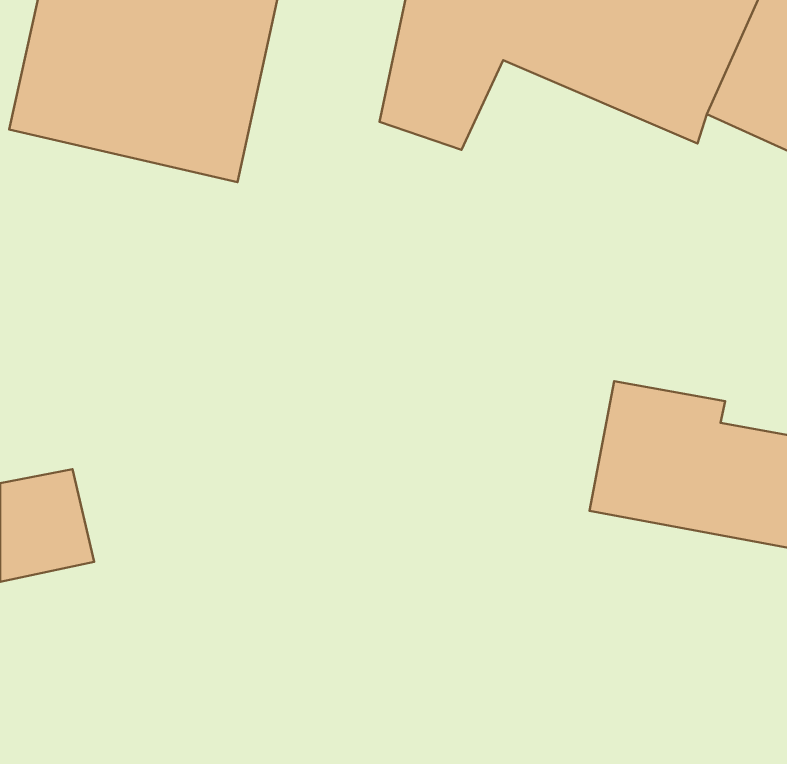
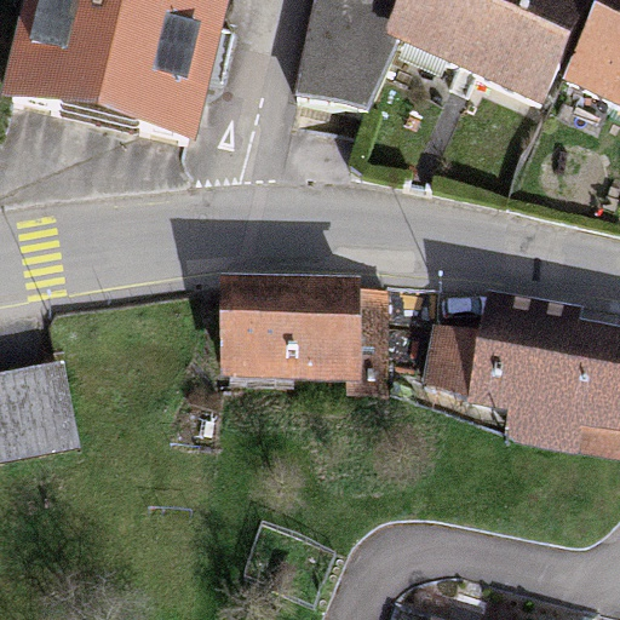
building: none -> [228,292,356,378]

